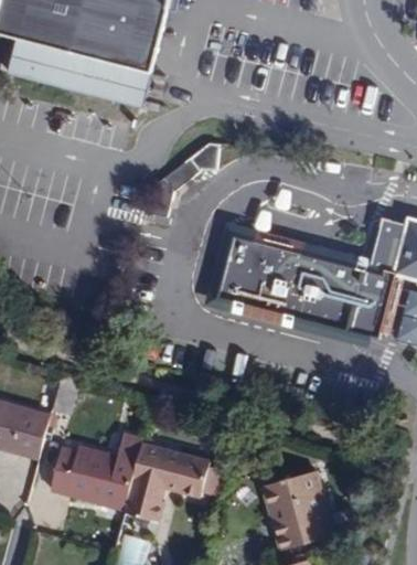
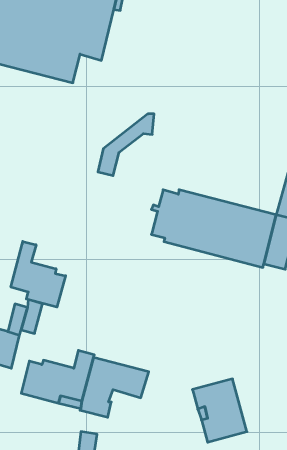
building: [115,67,150,109] -> none
building: none -> [11,241,66,307]

